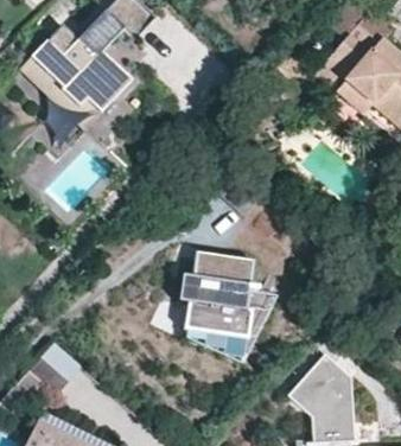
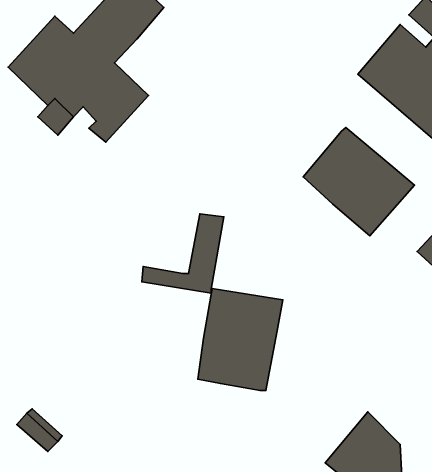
building: none -> [303,128,414,236]
building: [199,287,268,353] -> [142,214,224,293]

